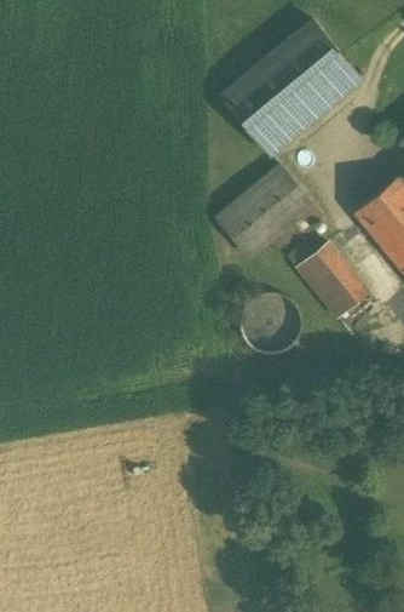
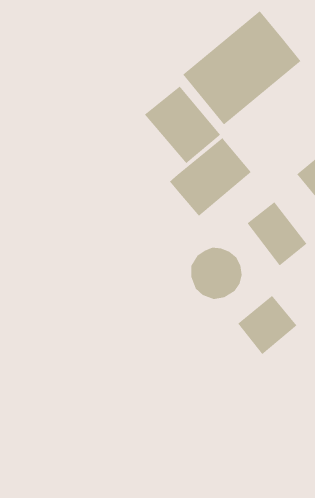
building: none -> [144,86,221,164]
building: none -> [237,295,297,355]

